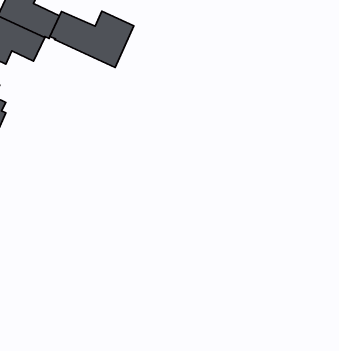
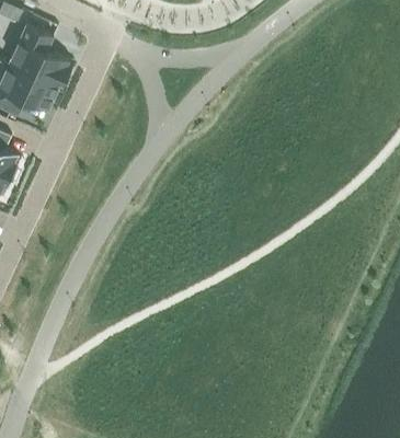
building: [50,11,134,68] -> none

